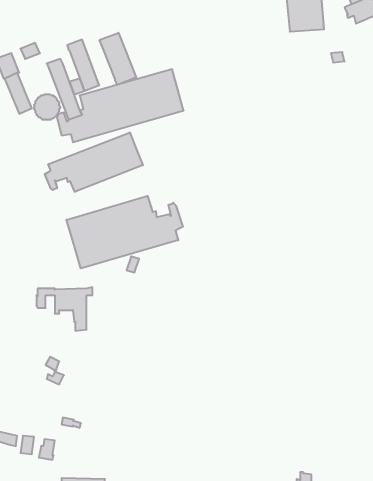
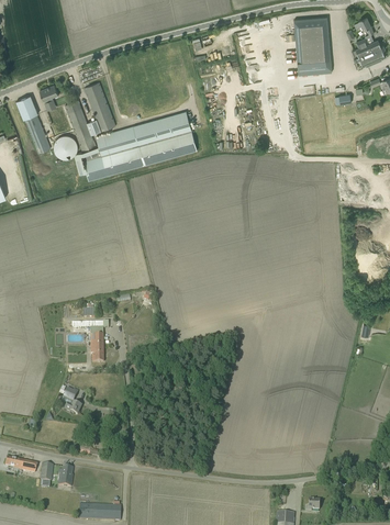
building: [100,33,136,85] -> none
building: [45,132,143,192] -> none
building: [66,196,183,268] -> none

